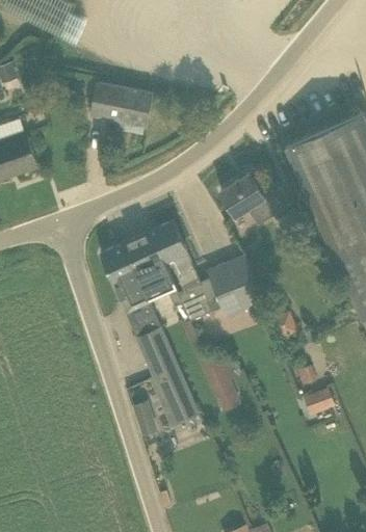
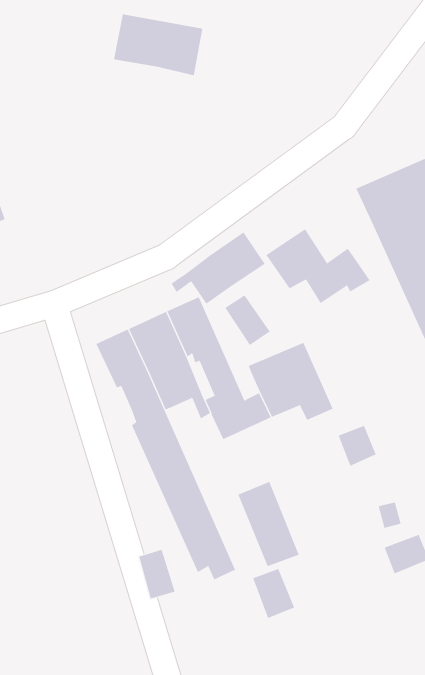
building: [89,83,153,127] -> [113,14,203,76]
building: none -> [171,232,265,304]
building: none -> [224,295,270,346]
building: none -> [253,568,295,619]

